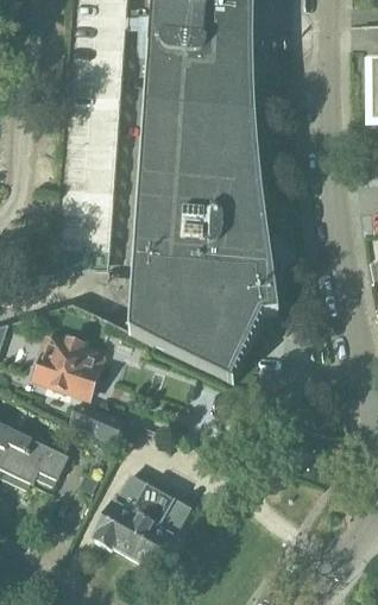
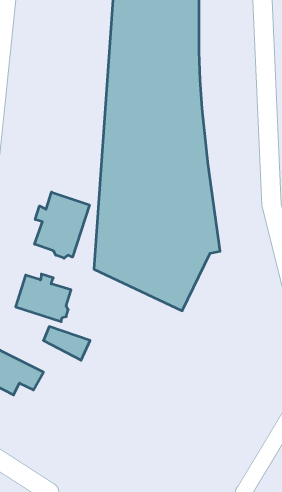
building: none -> [35,192,89,258]
building: [94,473,185,567] -> none

